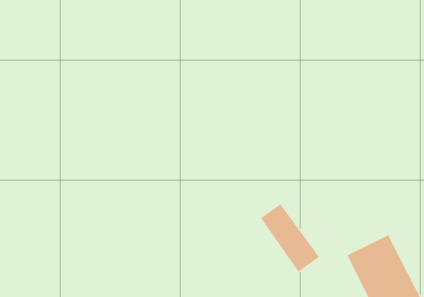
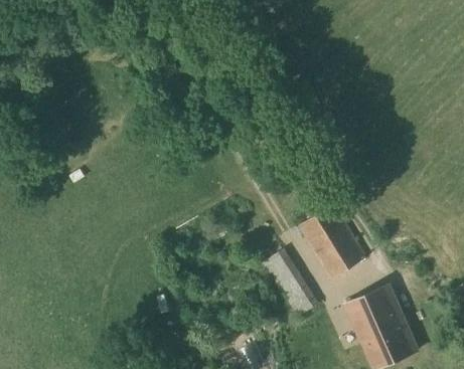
building: none -> [298,203,367,280]

